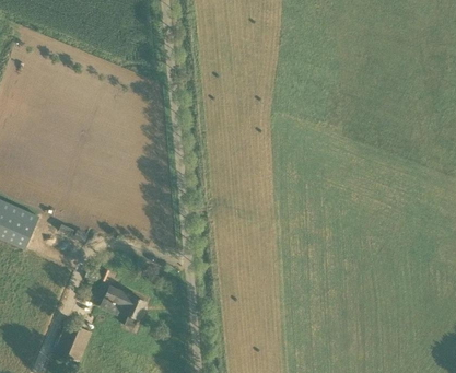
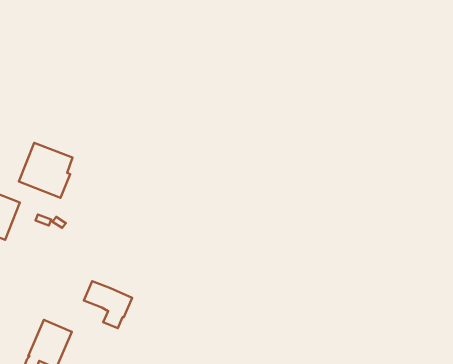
building: none -> [19,143,73,198]

